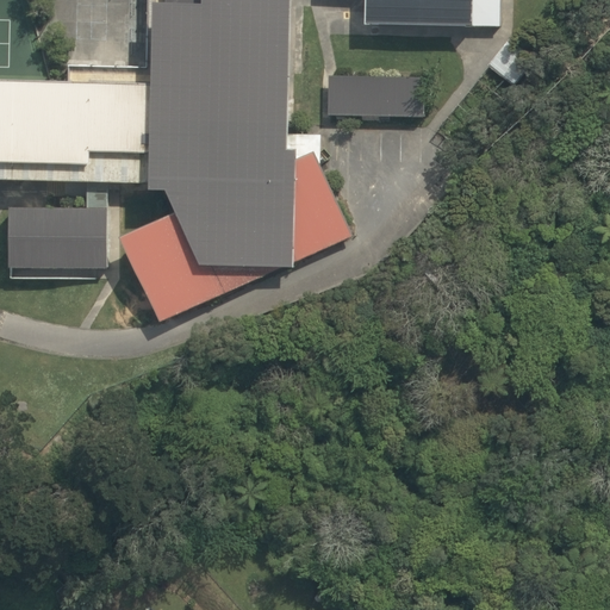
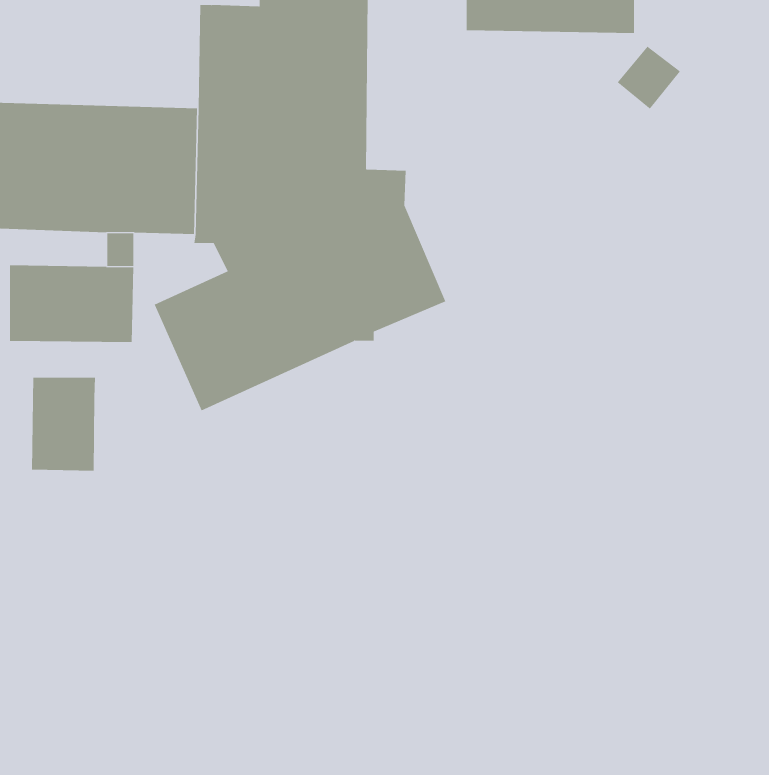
building: [324,73,422,116] -> none
building: none -> [32,377,95,472]

